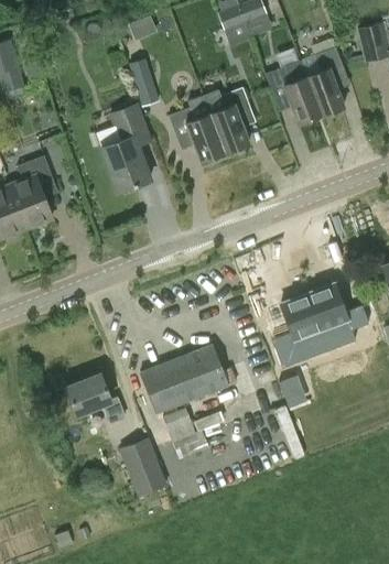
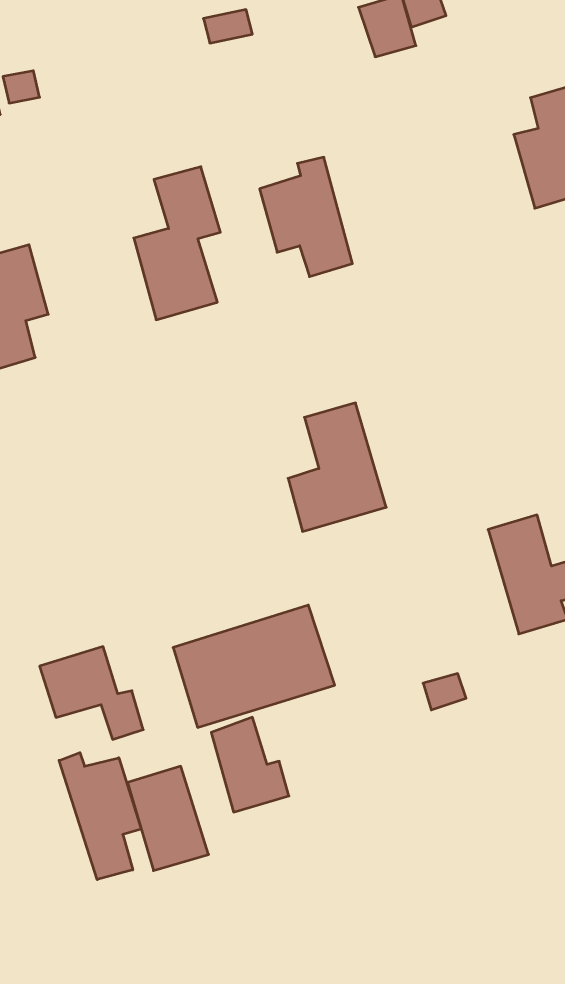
building: [128,58,159,107] -> none
building: [264,66,321,124] -> none
building: [203,88,255,153] -> none
building: [273,294,328,367] -> [288,403,386,531]
building: none -> [59,753,141,880]

